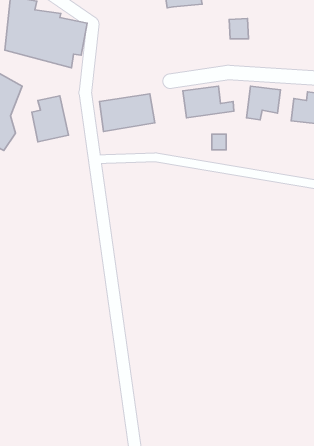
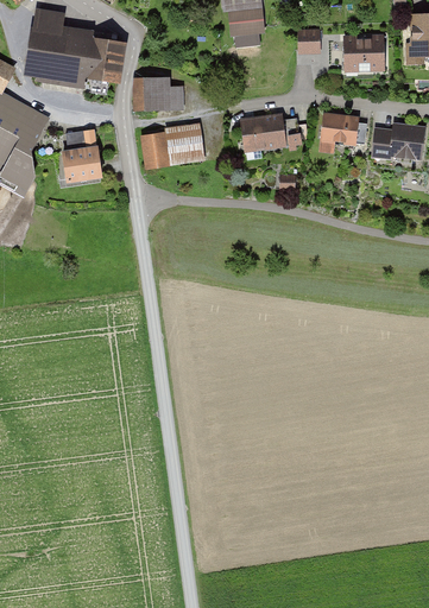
building: none -> [229,13,267,39]
building: none -> [343,37,387,74]
building: none -> [133,72,187,107]

